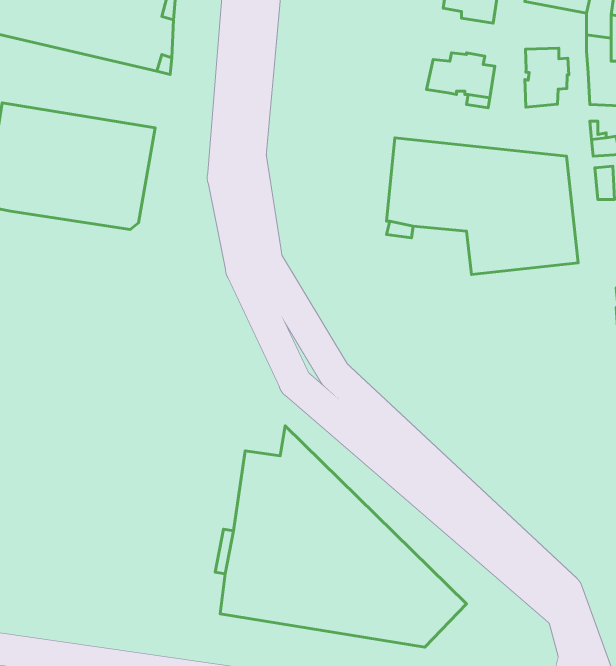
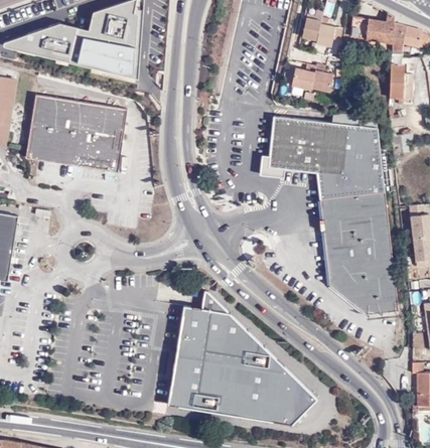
building: [525,48,569,107] -> none
building: none -> [319,192,398,314]

